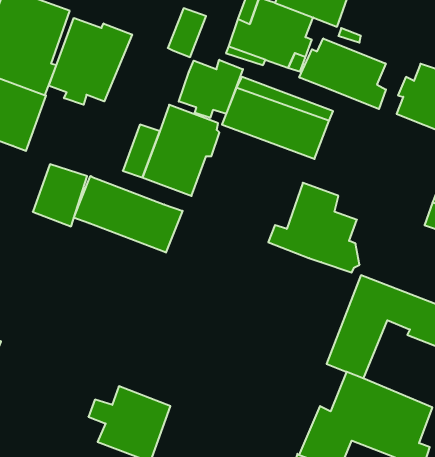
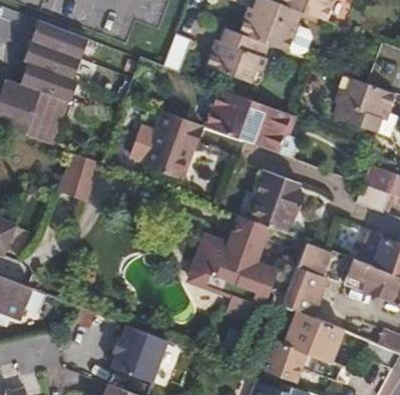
building: [49,18,132,105] -> none
building: [299,38,386,109] -> none
building: [179,60,243,118] -> none
building: [74,176,183,253] -> none
building: none -> [190,215,278,316]

